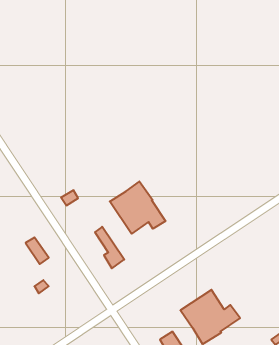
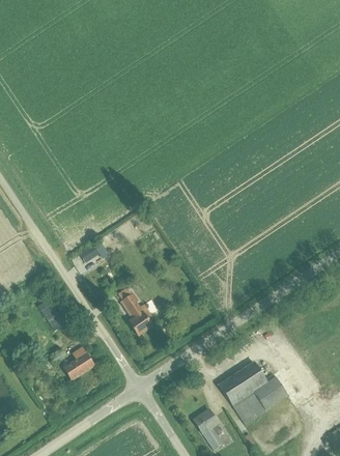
building: [110,181,165,234] -> none
building: none -> [63,347,93,379]

